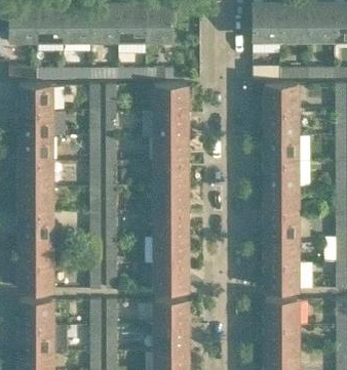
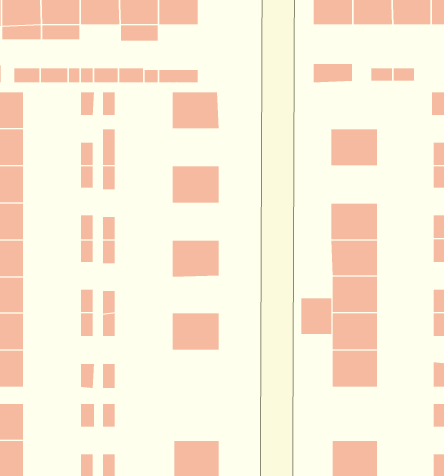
building: [265,86,298,112] -> none
building: [143,112,188,137] -> none
building: [265,137,298,163] -> none
building: [155,163,188,189] -> none
building: [155,213,188,239] -> none
building: none -> [301,298,332,335]
building: [155,264,188,290] -> none
building: [156,301,188,327] -> none
building: [266,301,298,327] -> none

